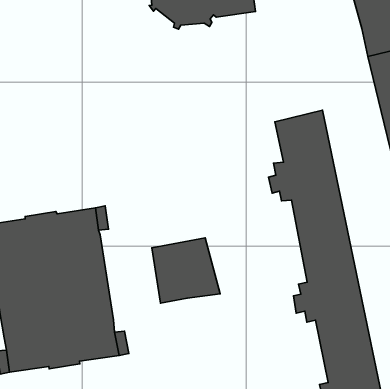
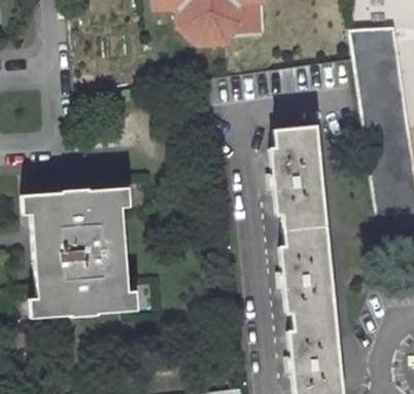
building: [152,238,220,303] -> none

